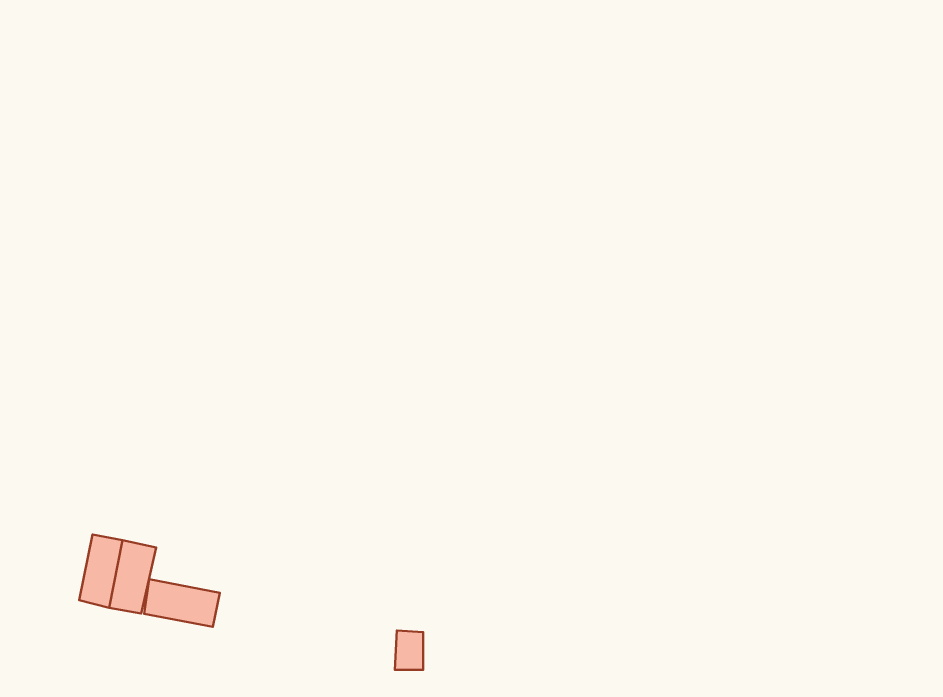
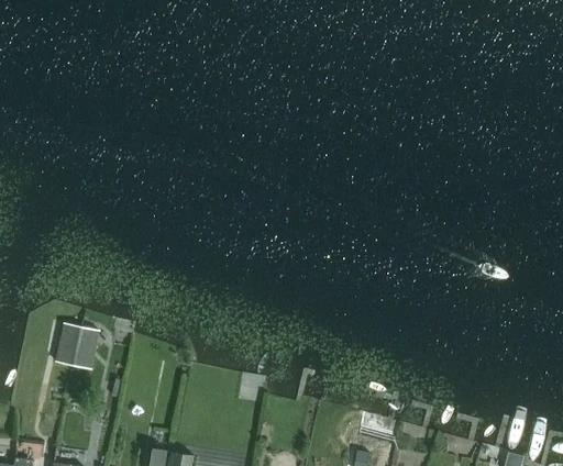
building: [144,579,220,627] -> none

